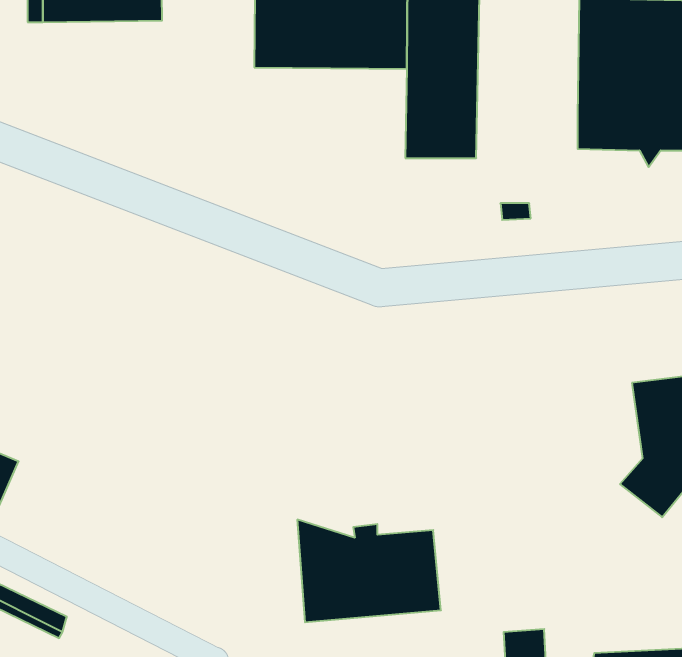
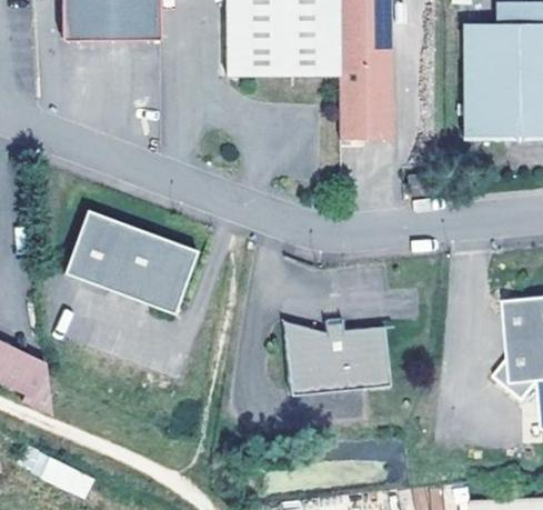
building: none -> [62,208,197,311]
building: [297,520,441,622] -> [289,318,394,393]

